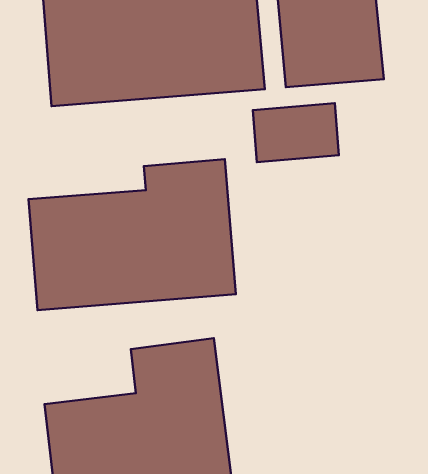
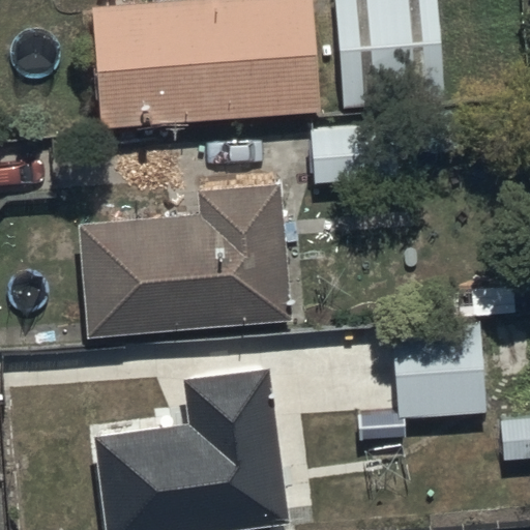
building: none -> [356,324,484,441]

